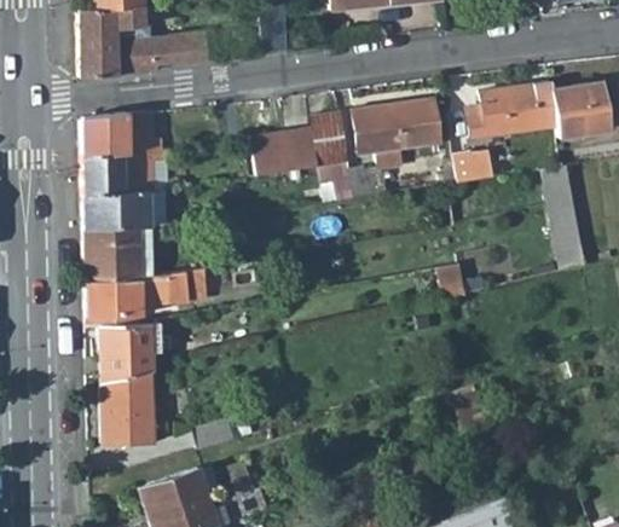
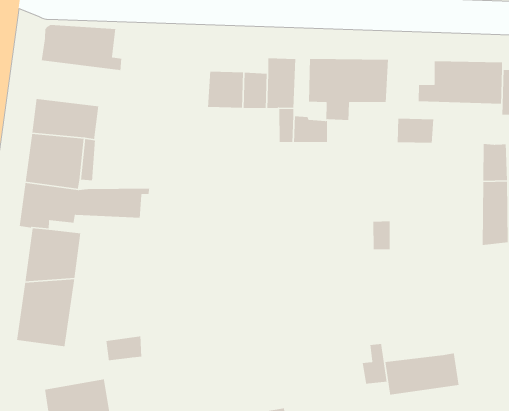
building: [82,152,162,193] -> none
building: none -> [384,352,459,396]

